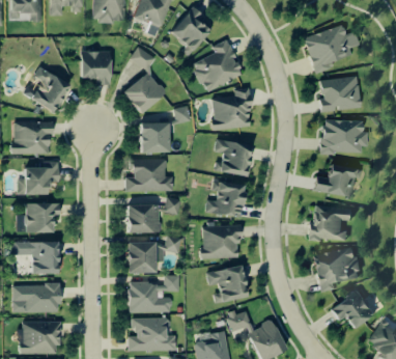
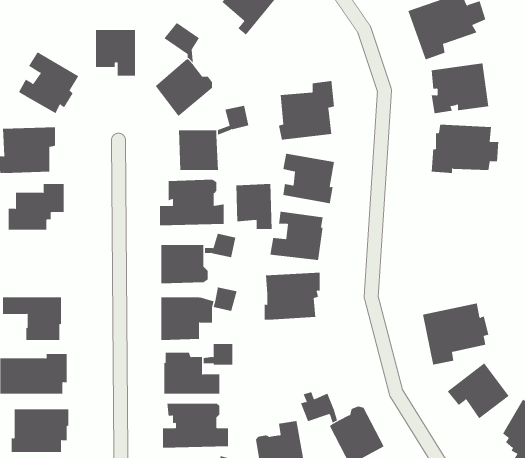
building: [194,38,242,90] -> none
building: none -> [236,183,272,230]
building: [314,164,362,197] -> none
building: [27,202,60,231] -> none
building: [309,204,353,240] -> none
building: [207,266,247,302] -> none

